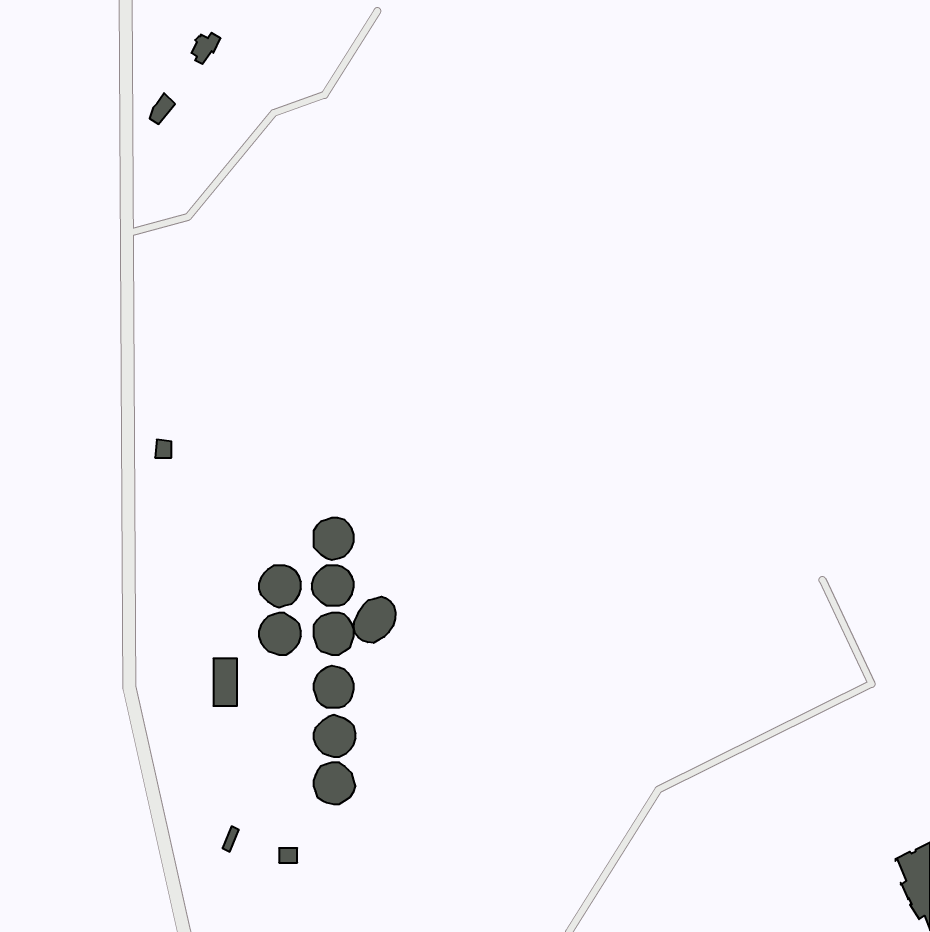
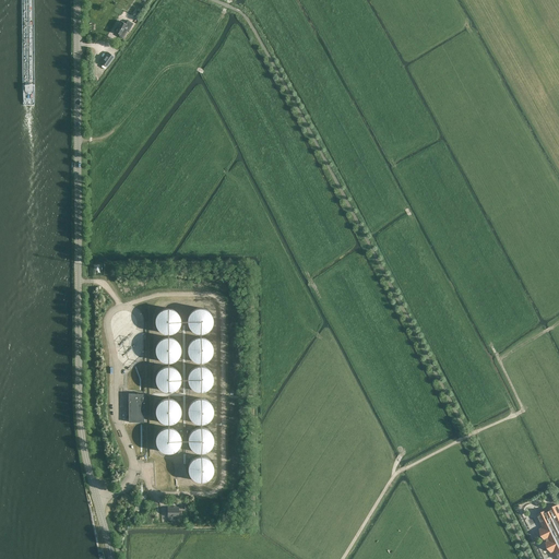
building: none -> [155,310,180,335]
building: [354,597,396,643] -> none
building: none -> [156,400,180,424]
building: none -> [155,428,179,453]

